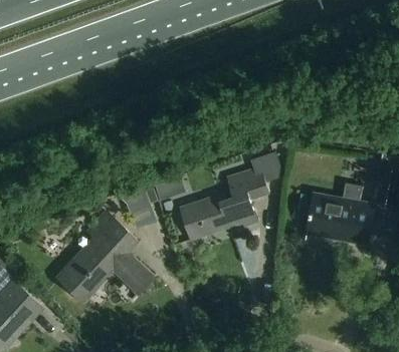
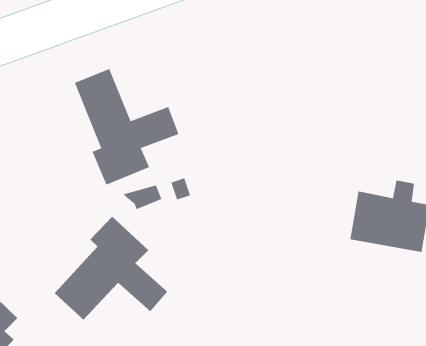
building: none -> [74,68,179,185]
building: [179,150,283,240] -> none

